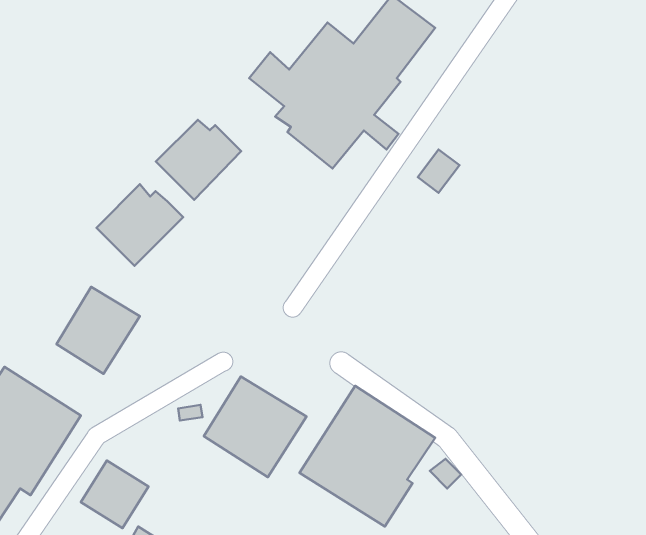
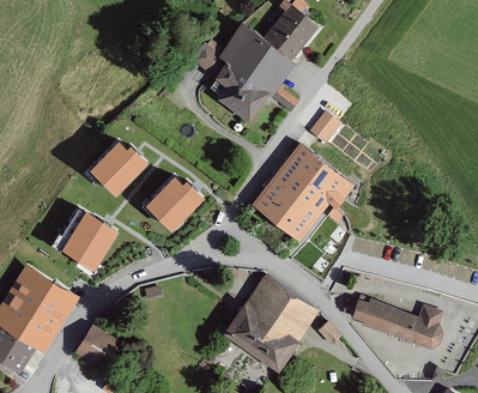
building: [156,120,241,200] -> [141,171,200,226]
building: none -> [255,145,353,240]
building: [204,377,307,477] -> none
building: none -> [352,300,441,349]

